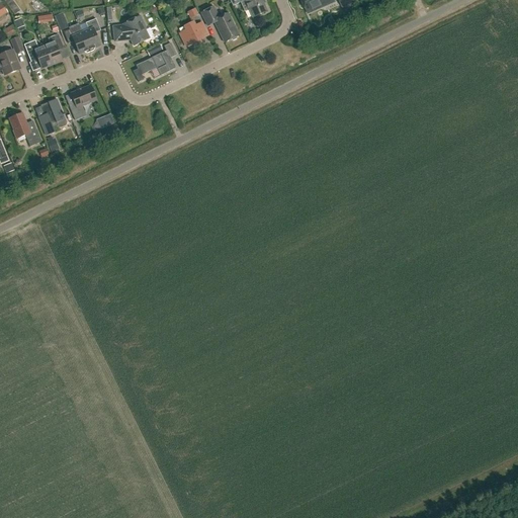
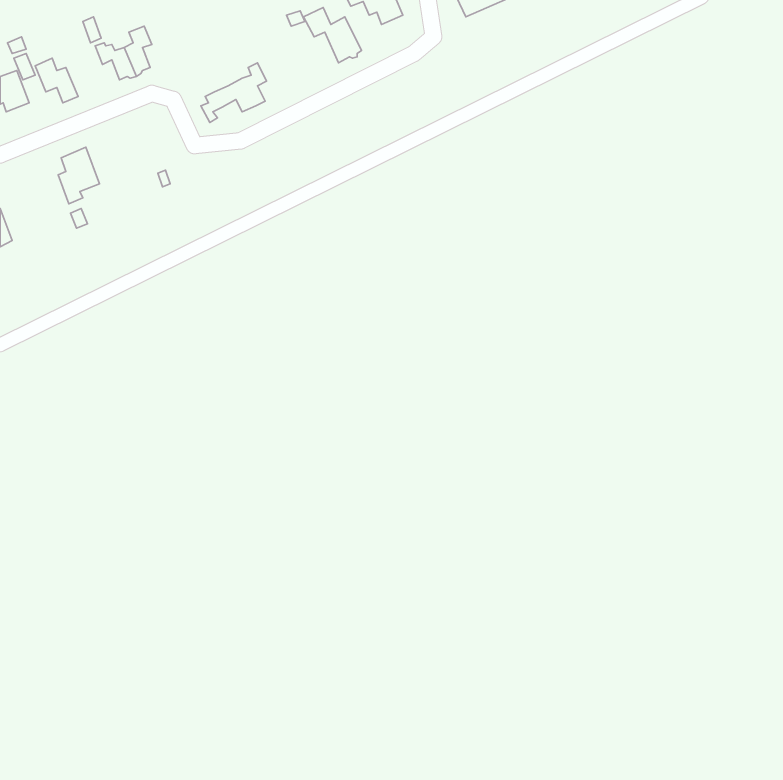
building: [112,14,149,45] -> none
building: [179,20,207,46] -> none
building: [44,32,64,64] -> none
building: [69,84,96,118] -> none
building: [10,113,40,145] -> none

